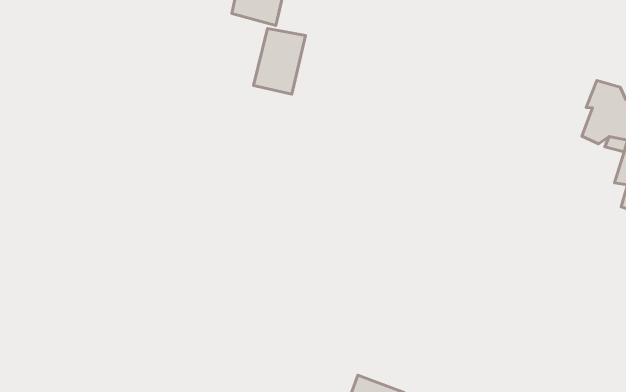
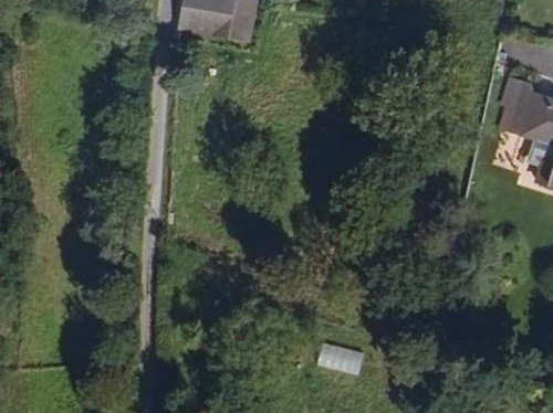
building: [254,28,306,94] -> none

